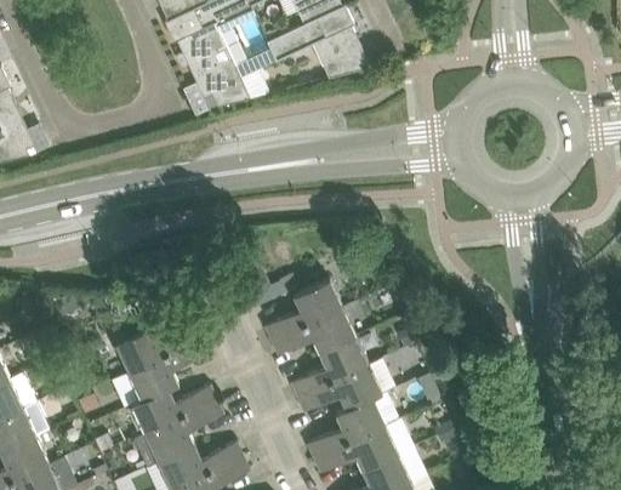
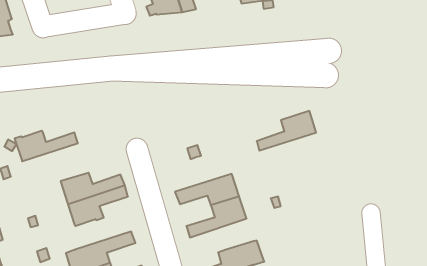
building: [263,279,341,340] -> [257,111,316,151]
building: [295,364,381,412] -> none
building: [131,386,216,432] -> [15,131,78,161]

